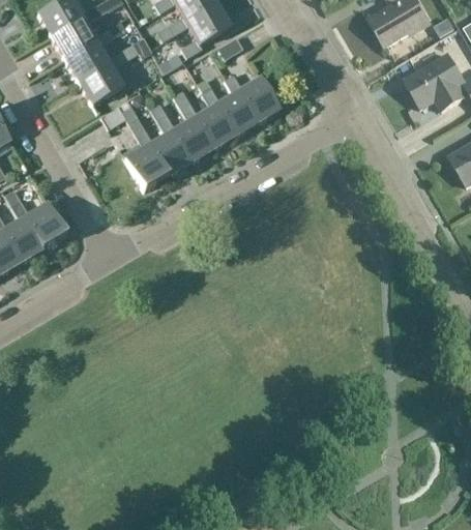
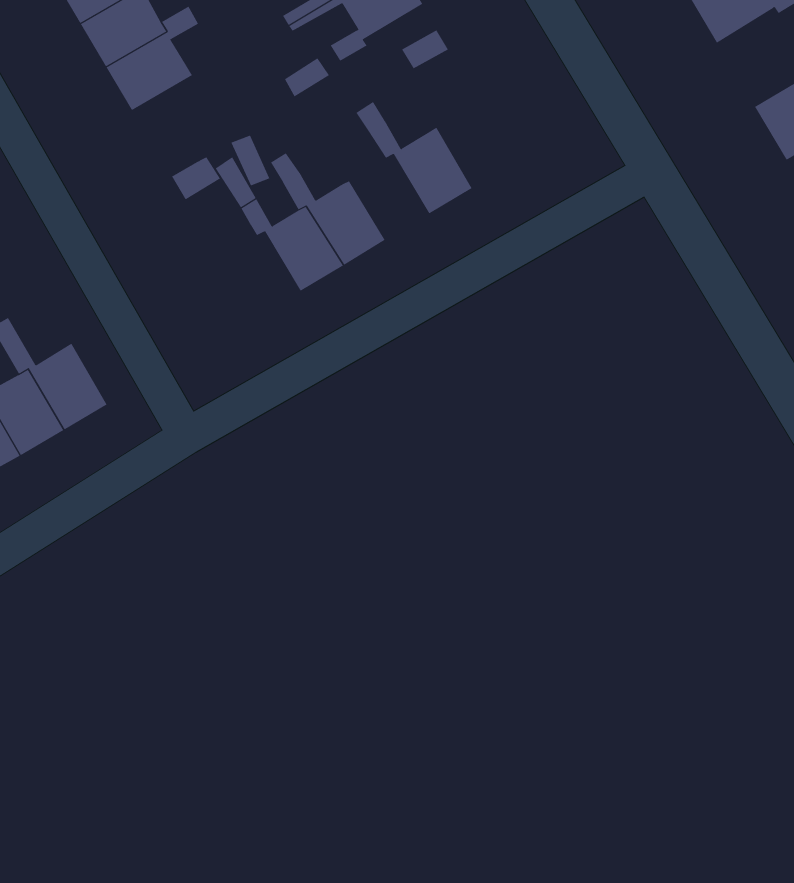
building: [78,37,151,105] -> none
building: [224,73,278,122] -> none
building: [173,90,233,149] -> none
building: [121,142,166,189] -> none

